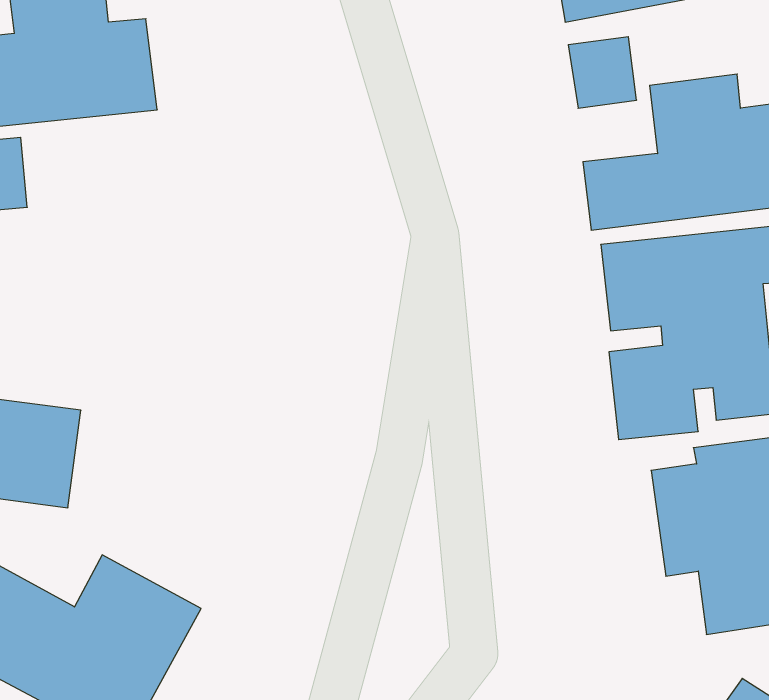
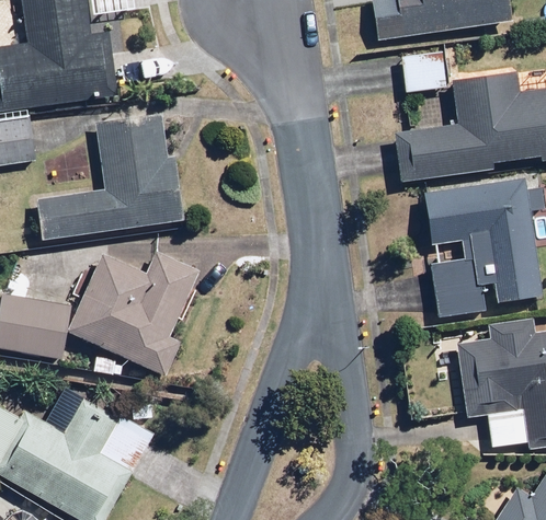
building: none -> [37,112,186,241]
building: none -> [68,249,202,375]

